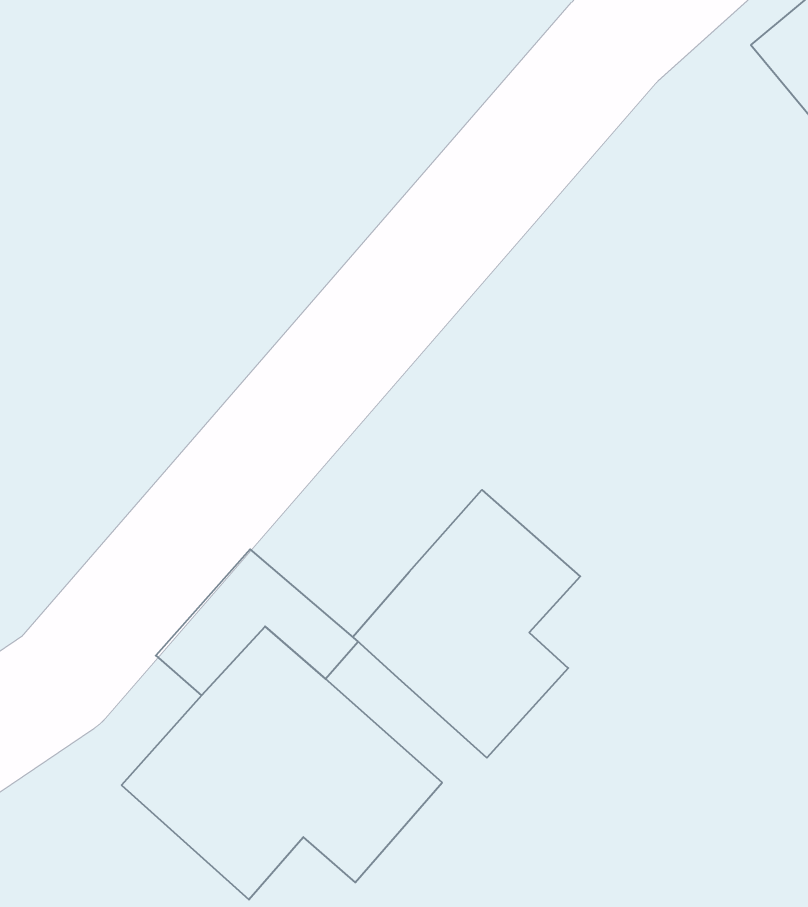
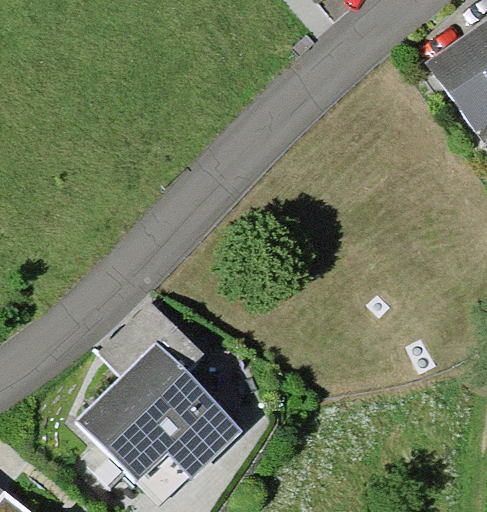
building: [353,490,580,758] -> none

